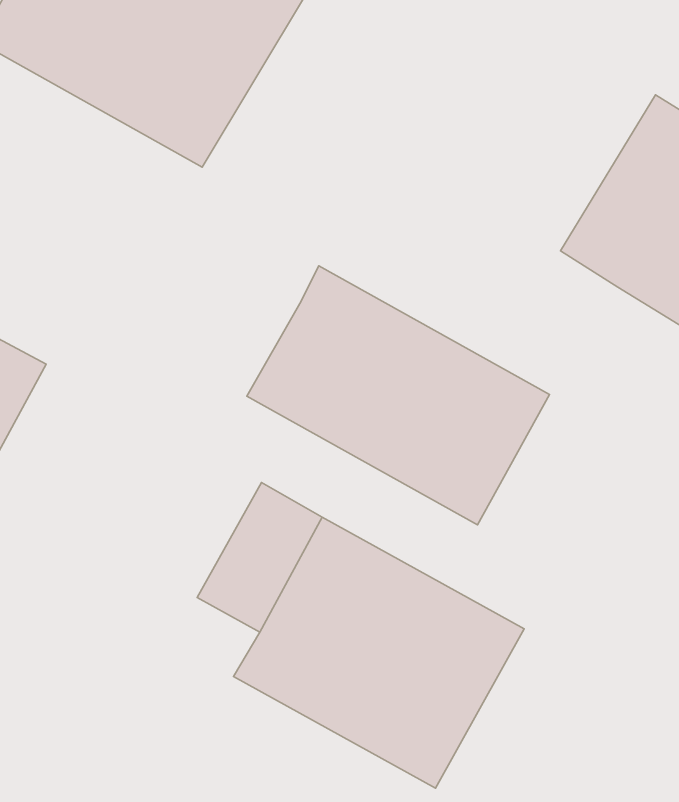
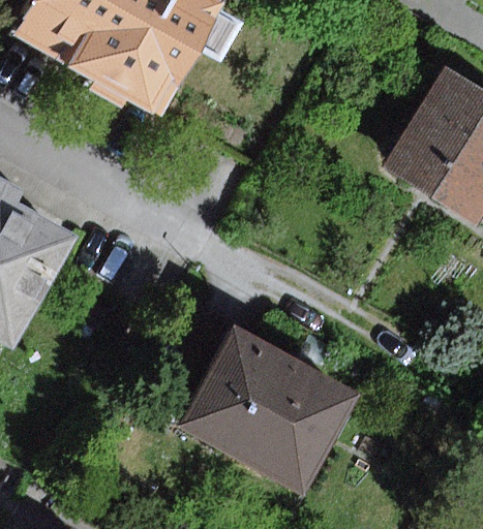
building: [247,266,549,525] -> none

